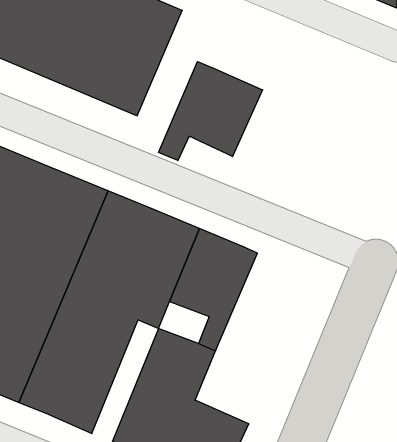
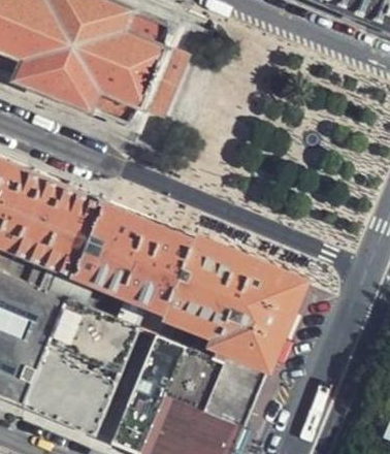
building: [158,62,263,161] -> none
building: none -> [193,262,304,426]

